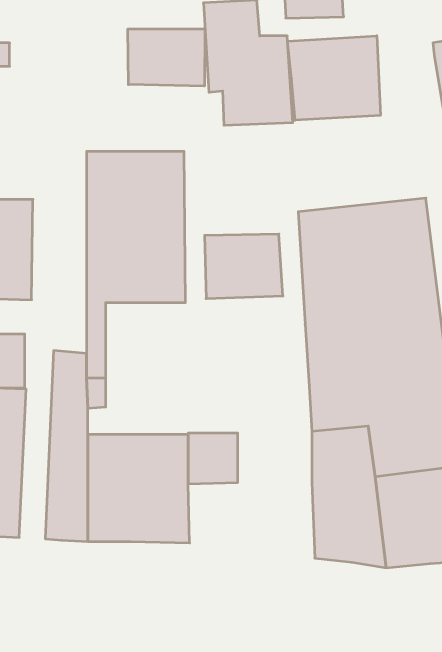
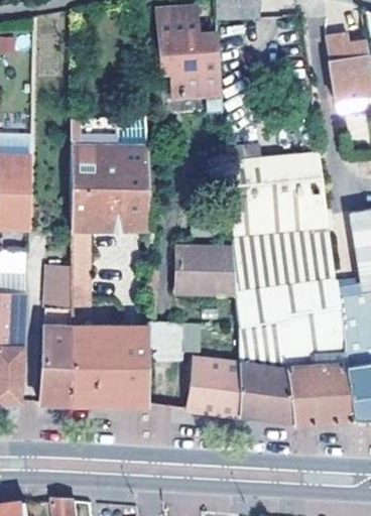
building: [128,29,205,86] -> none
building: [288,36,380,120] -> none
building: [205,234,283,299] -> [177,246,235,293]
building: none -> [187,361,239,417]

